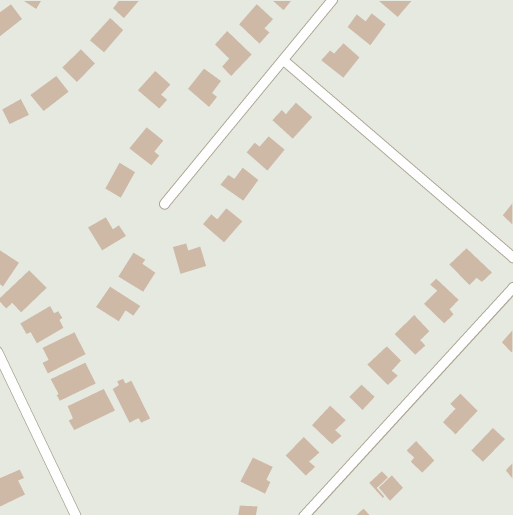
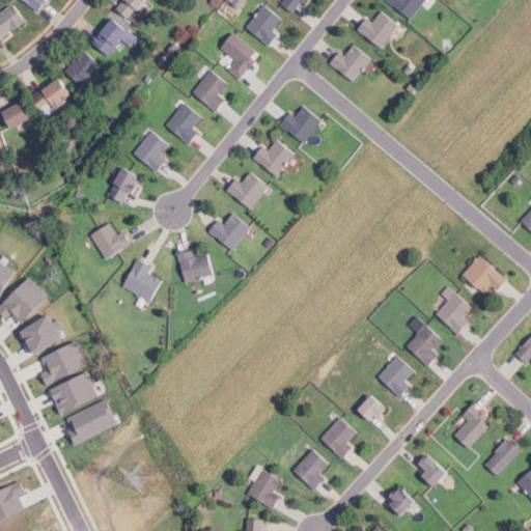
building: [137,70,171,110] -> [165,104,200,144]
building: [95,286,142,322] -> none
building: [112,378,151,424] -> none

